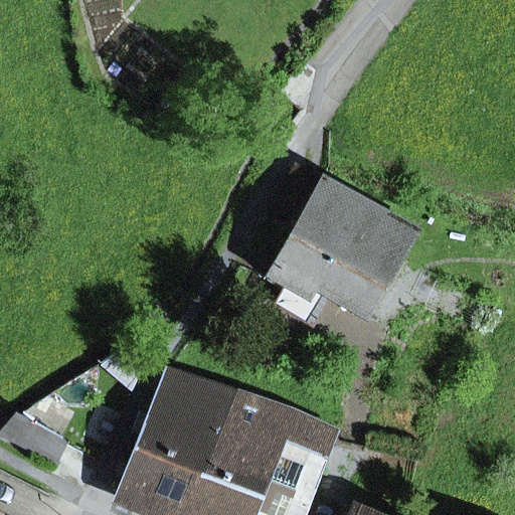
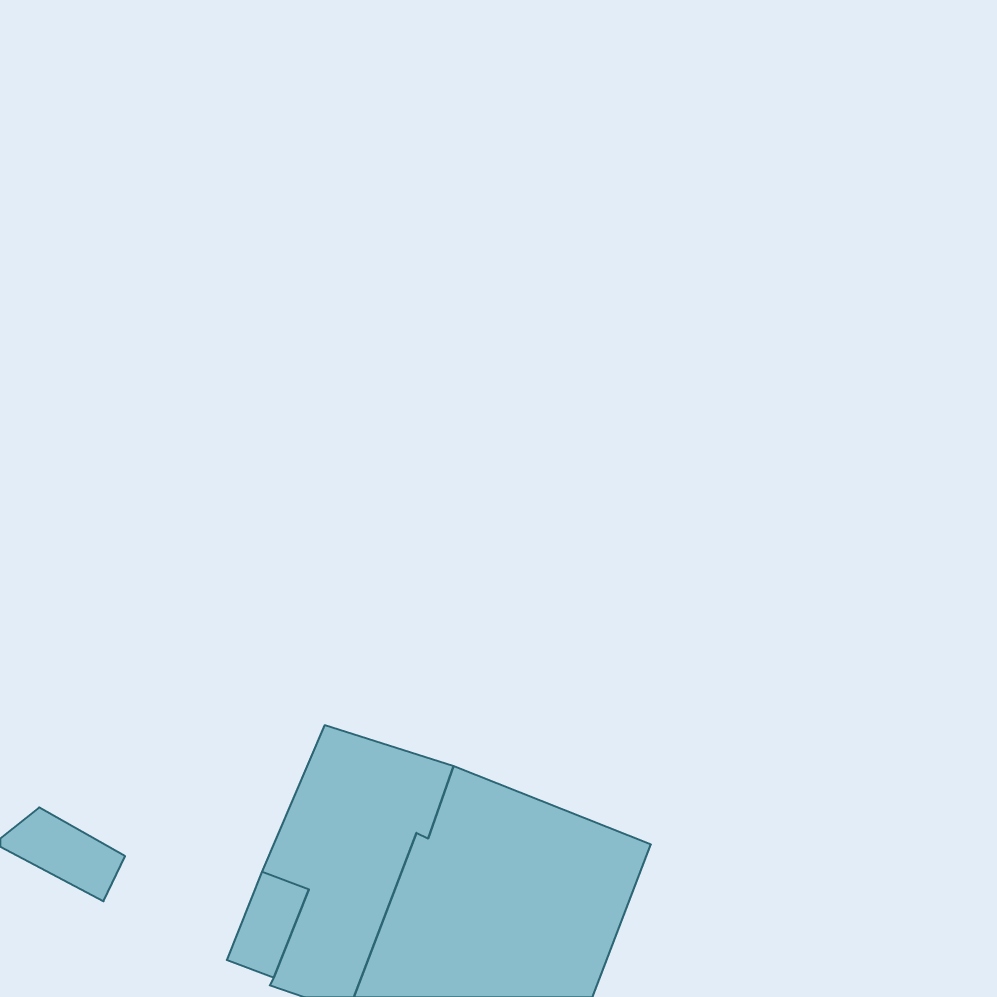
building: [267,179,410,320] -> none

